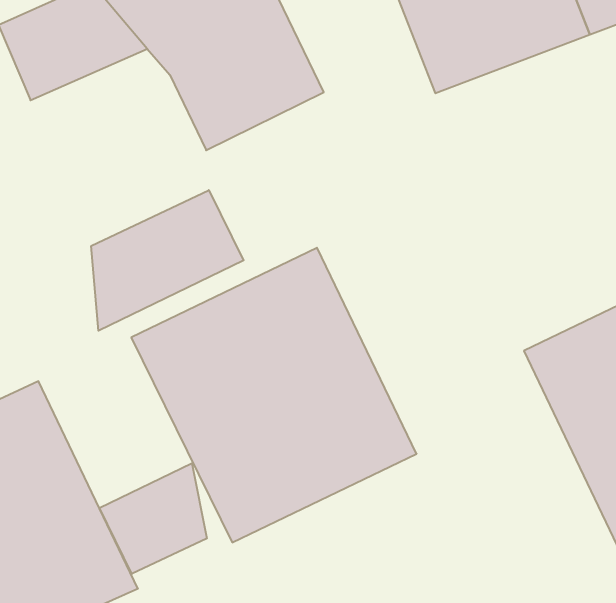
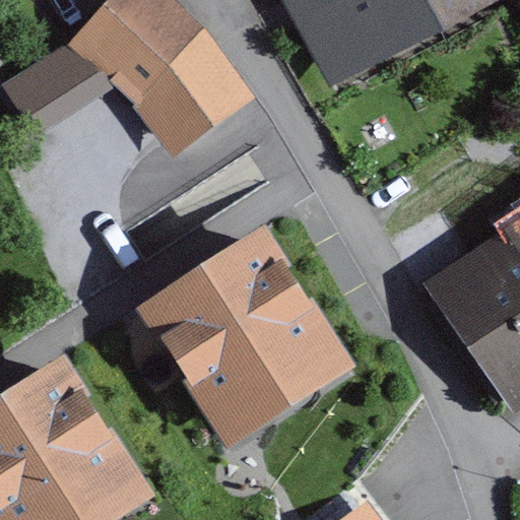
building: [91,190,244,331] -> none
building: [100,463,207,574] -> none

